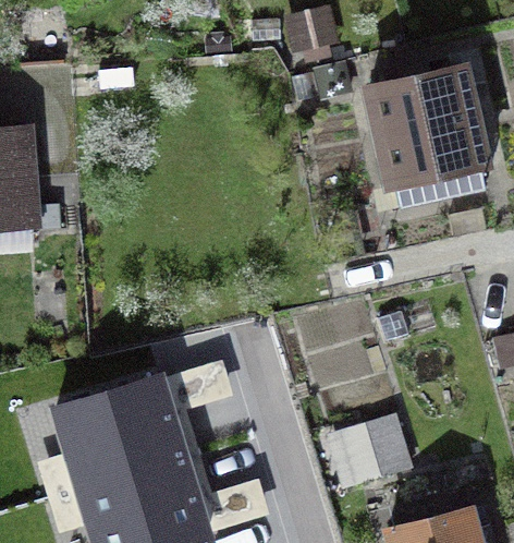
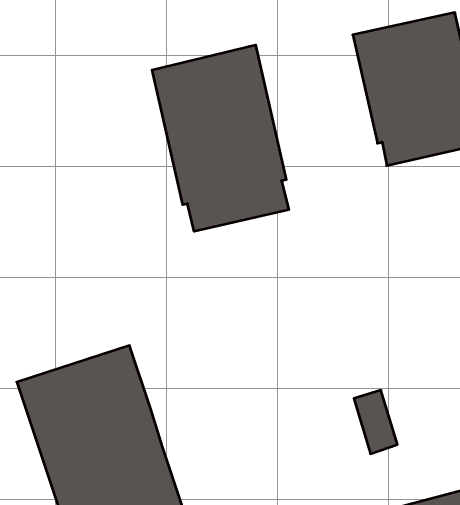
building: none -> [152,45,289,231]

